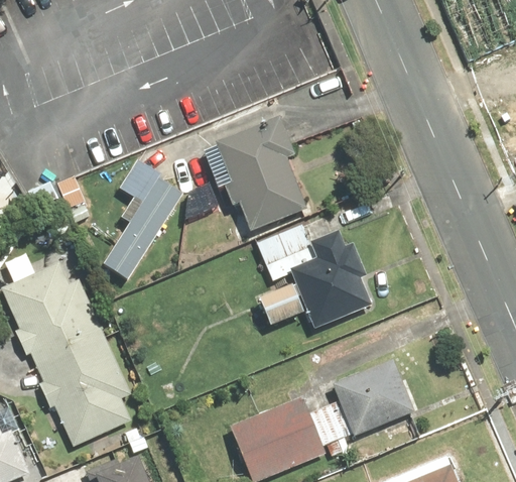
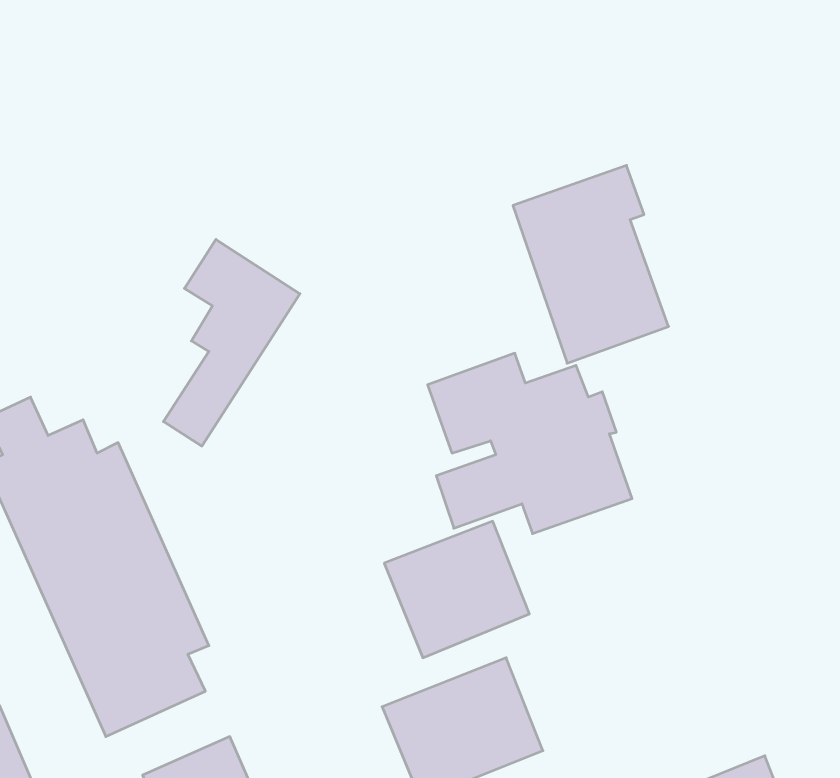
building: [218,118,307,232] -> [513,165,669,363]
building: [332,359,415,438] -> [384,521,529,658]

